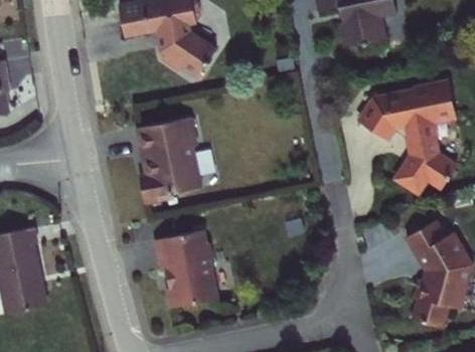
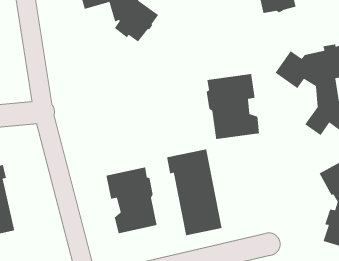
building: none -> [206,73,260,140]
building: [133,122,197,206] -> none
building: none -> [166,149,223,236]

